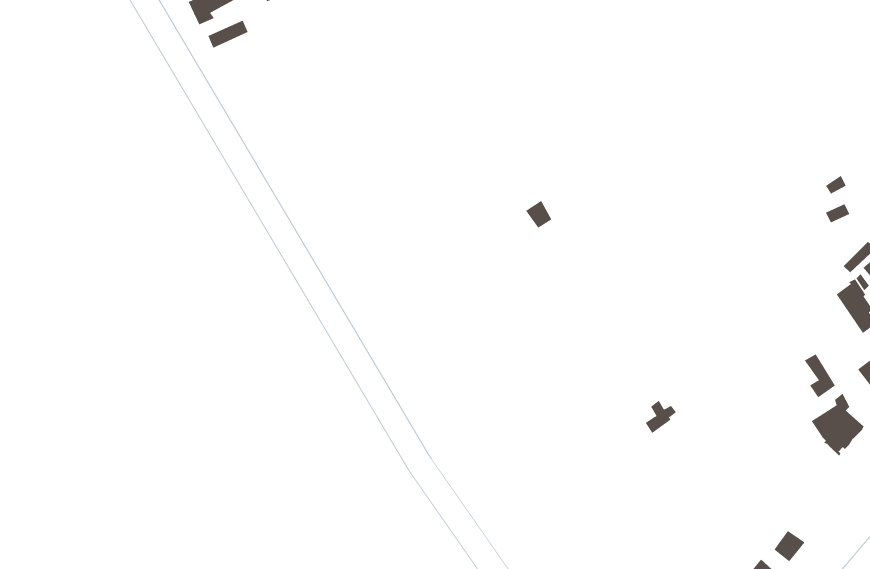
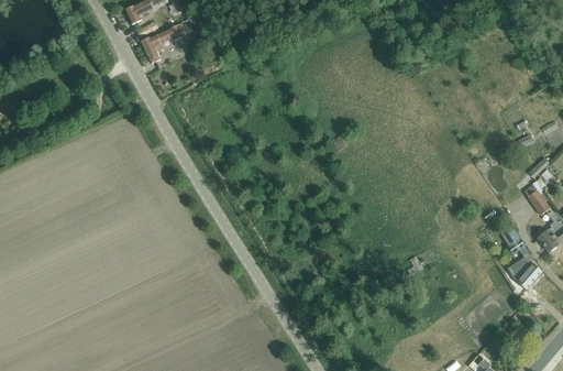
building: none -> [142,23,185,64]

